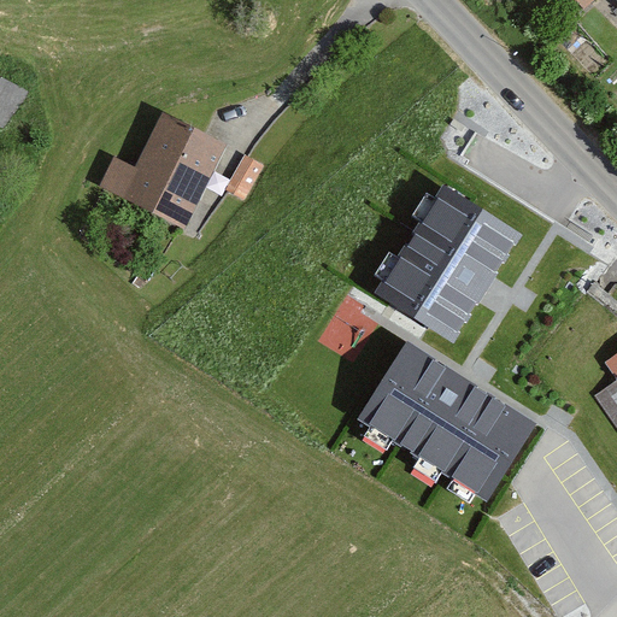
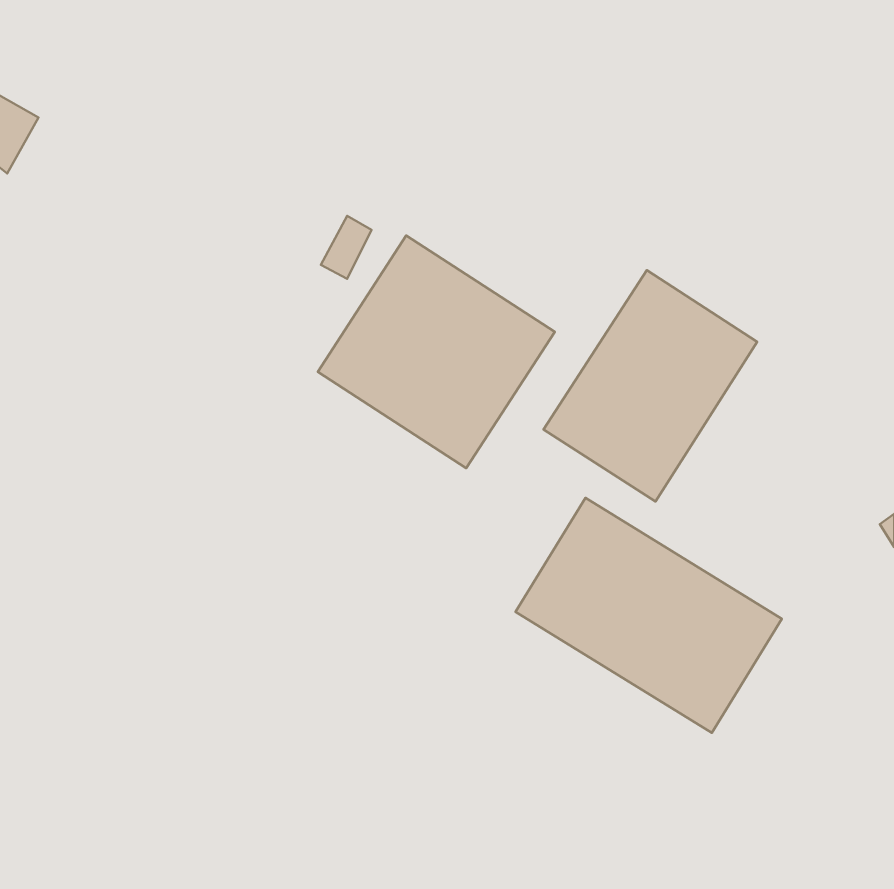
building: [96,108,224,219] -> none
building: none -> [318,235,555,468]

